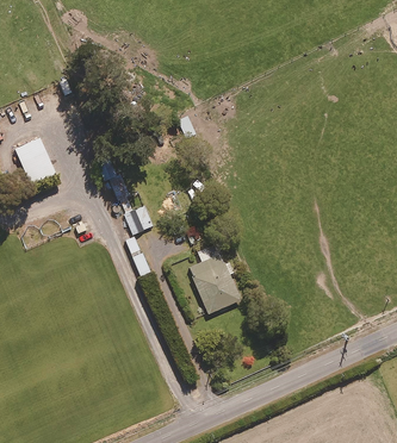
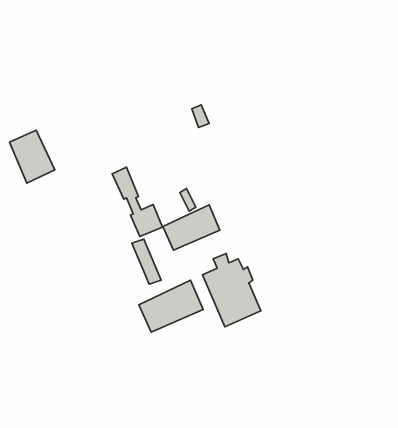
building: none -> [163,205,220,250]
building: none -> [139,280,203,332]

